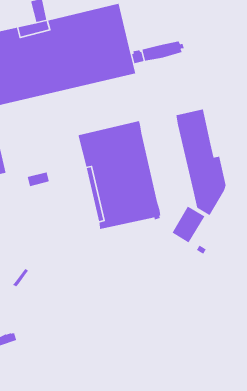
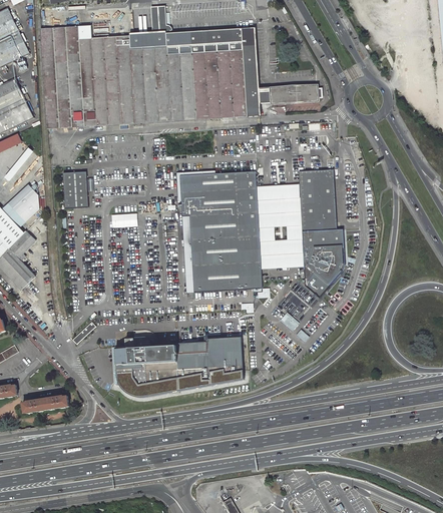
building: none -> [256,182,304,268]
building: none -> [115,336,244,396]

